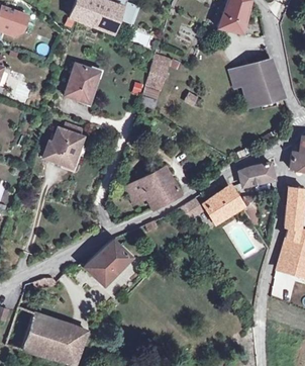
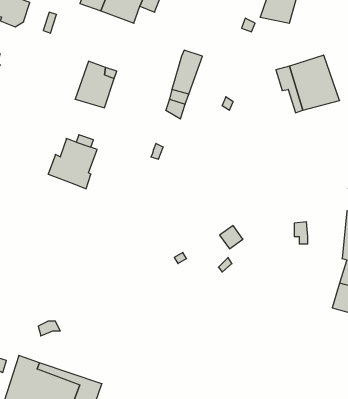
building: [239,163,274,185] -> none
building: [125,166,181,209] -> none
building: [205,186,241,222] -> none
building: [85,239,131,284] -> none

